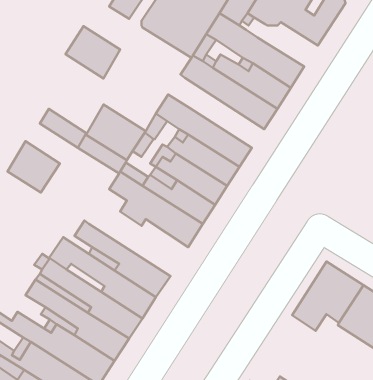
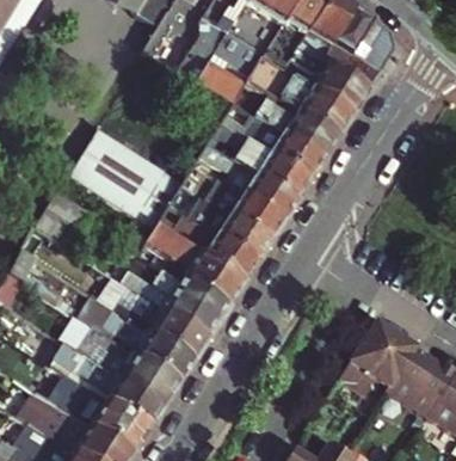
building: none -> [309,67,364,115]
building: [66,26,120,79] -> [76,130,135,186]
building: none -> [216,127,307,202]
building: none -> [119,259,226,339]

